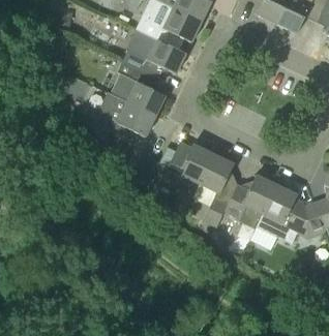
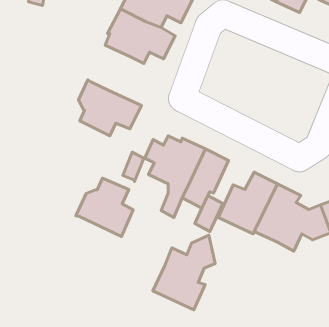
building: [112,61,166,115] -> none
building: none -> [76,178,133,237]
building: none -> [153,235,215,310]

